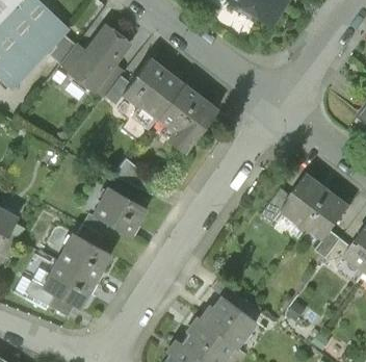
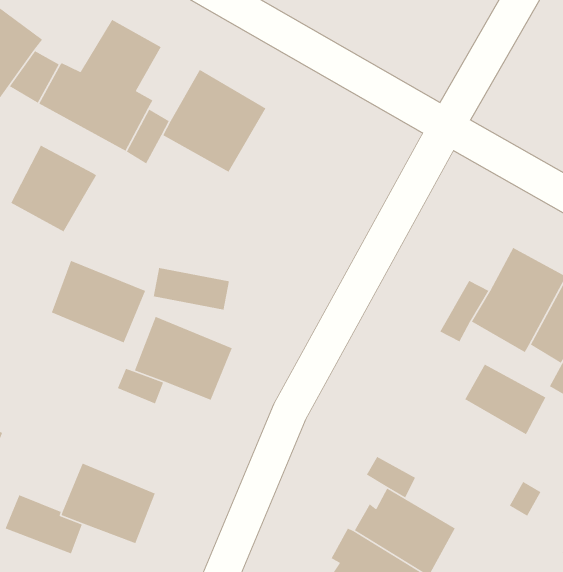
building: [158,83,216,153] -> none
building: none -> [10,145,97,233]
building: [58,234,111,283] -> [51,260,146,343]
building: none -> [464,364,547,435]

